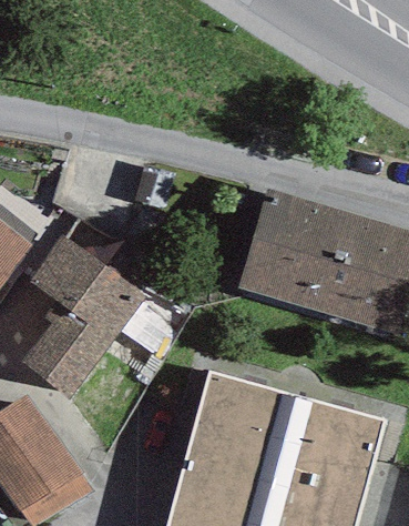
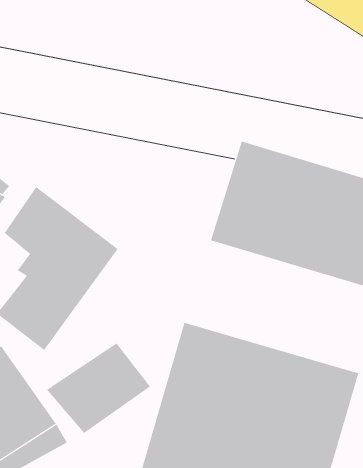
building: none -> [46,343,151,434]

